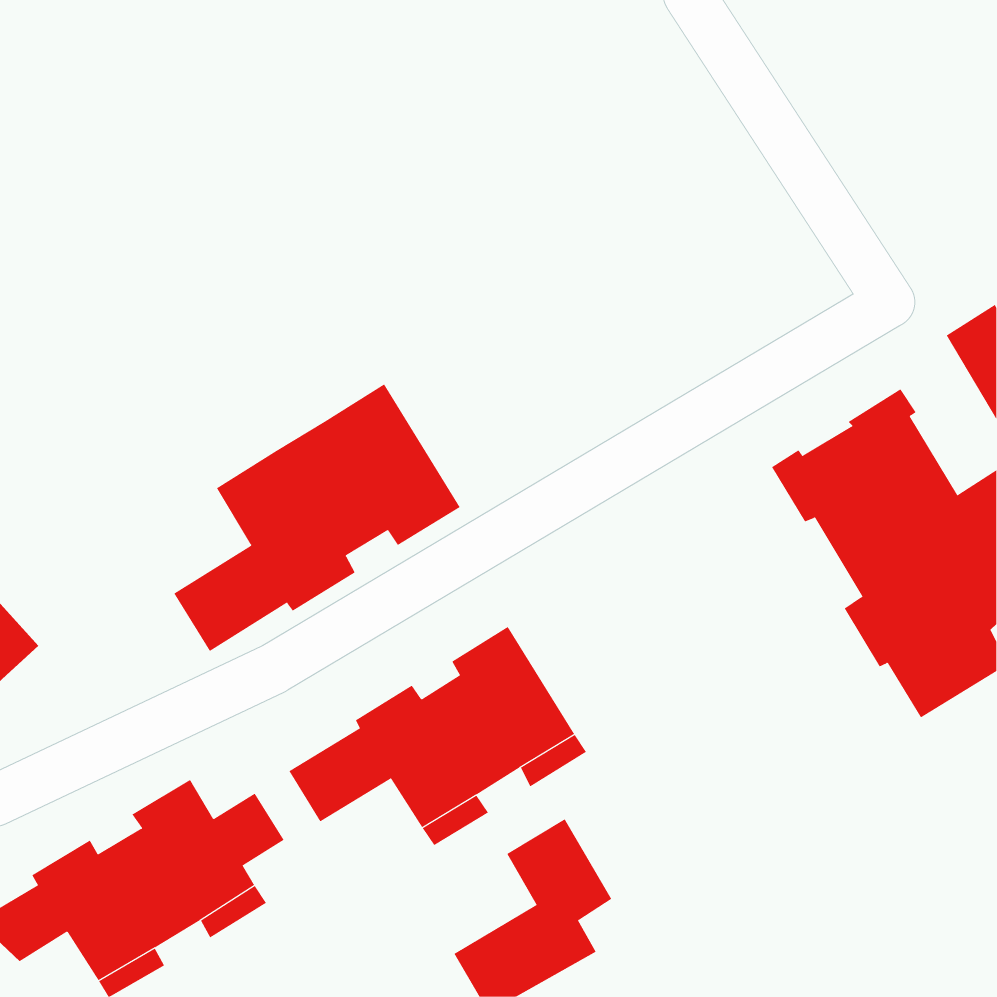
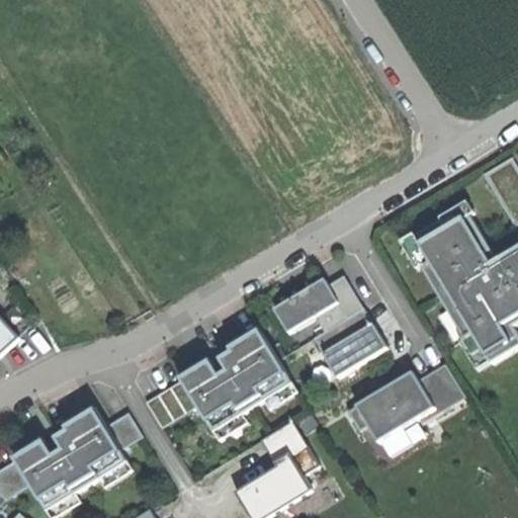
building: [173,384,461,652] -> none
building: none -> [272,276,384,376]
building: none -> [347,363,463,467]

